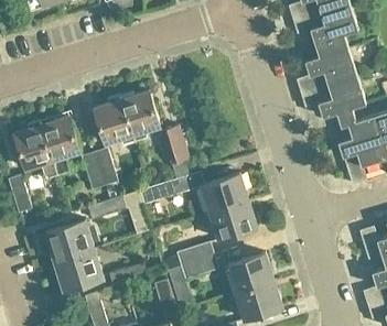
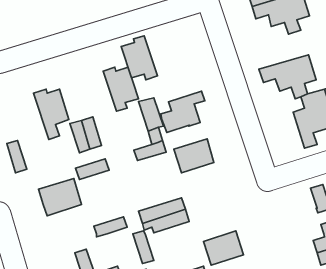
building: [295,40,357,94] -> none
building: [94,96,136,146] -> [121,36,157,80]
building: none -> [161,91,205,133]
building: [14,121,57,178] -> none
building: [211,202,257,240] -> none
building: [55,250,105,293] -> none
building: [227,254,273,293] -> none

